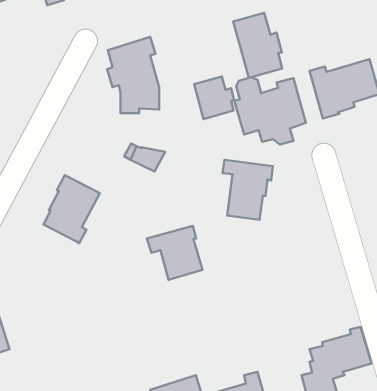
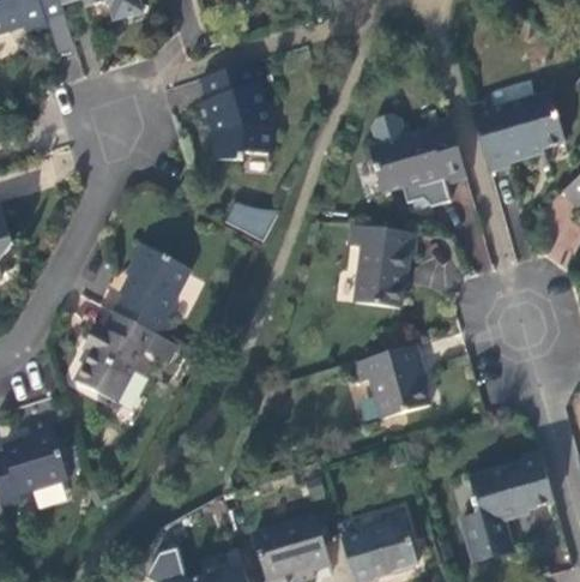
building: [233,13,282,78] -> none
building: [194,76,234,119] -> none
building: none -> [77,313,176,403]
building: [147,226,203,280] -> [352,347,427,419]

